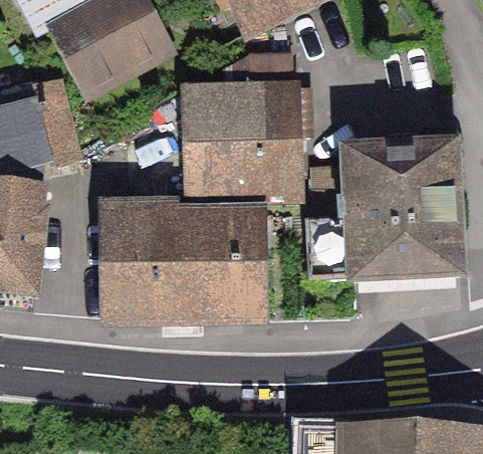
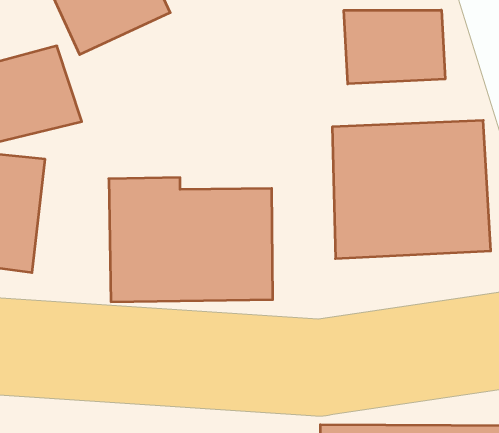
building: none -> [344,10,445,84]
building: [187,50,313,194] -> none

